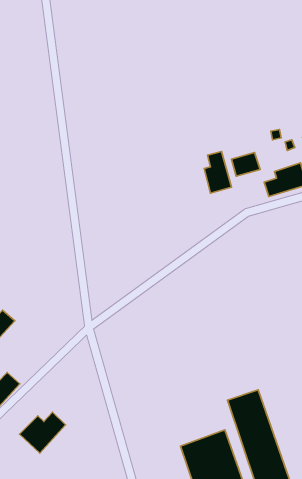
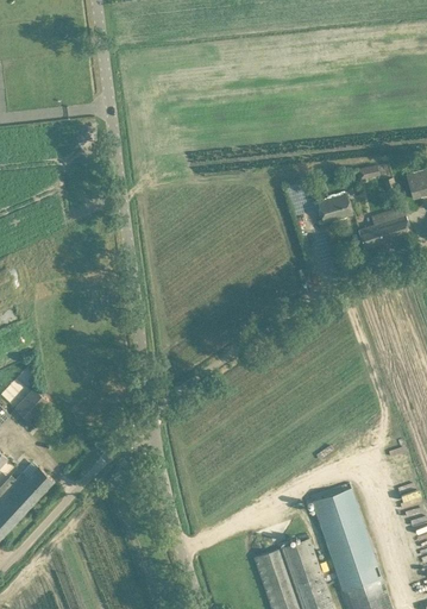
building: [204,152,232,193] -> none
building: [19,412,66,453] -> none

